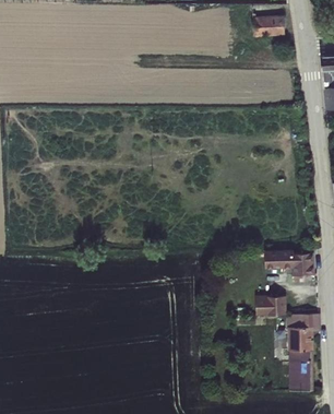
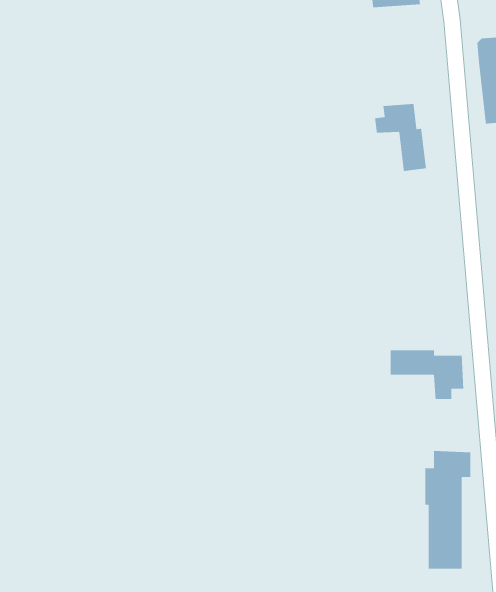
building: none -> [374,103,427,172]
building: [255,295,286,317] -> none

